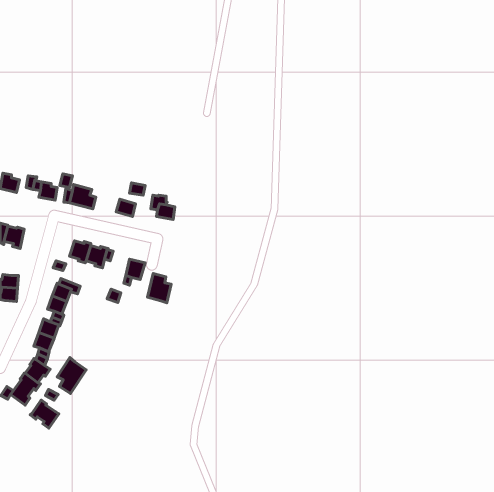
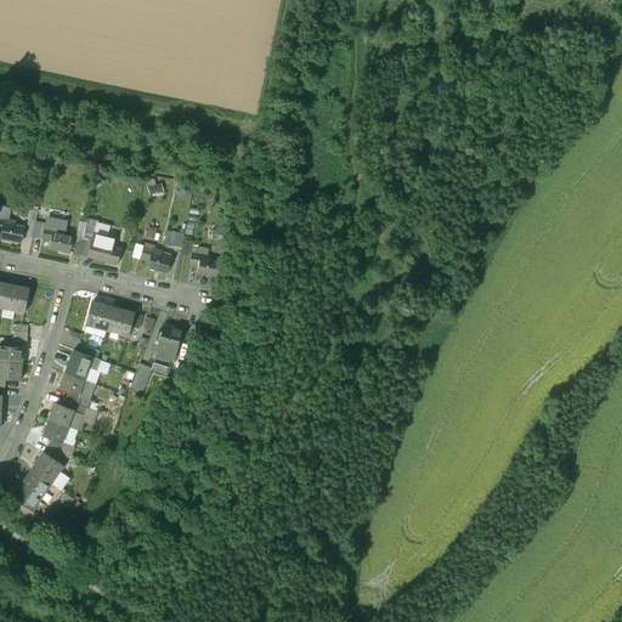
building: [147,274,171,303] -> none
building: [57,358,86,394] -> none
building: [30,400,59,428] -> none

